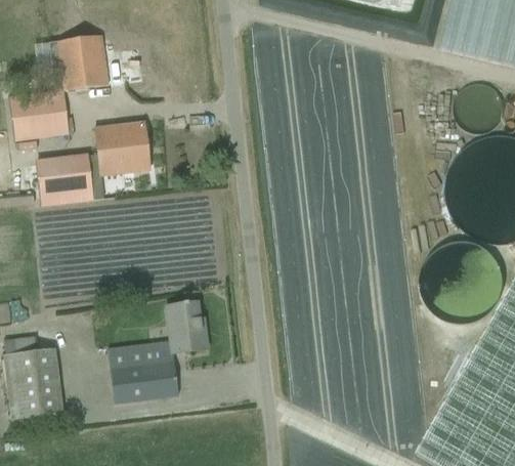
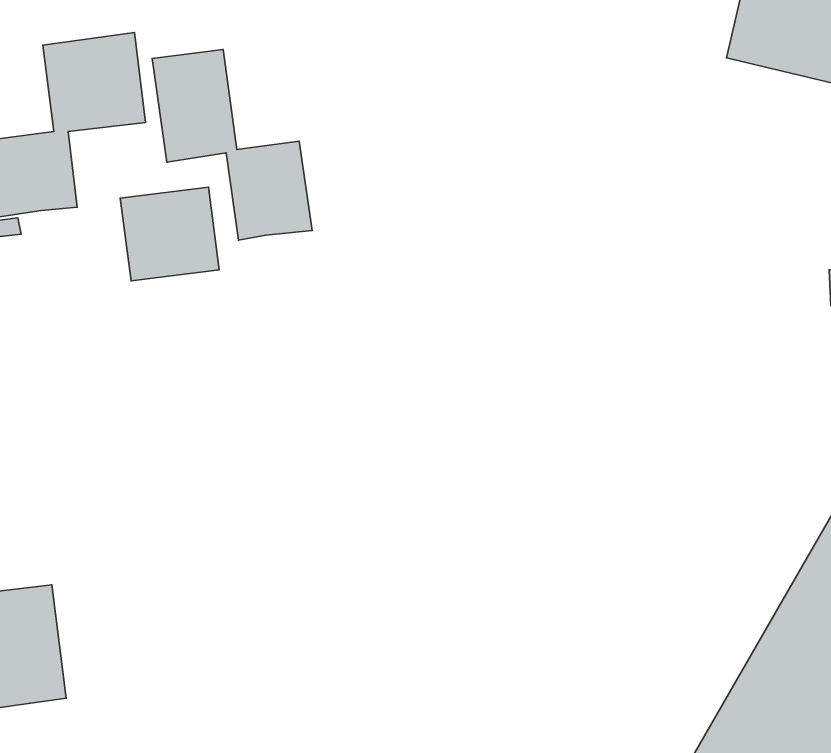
building: none -> [152,50,312,240]
building: [37,154,95,207] -> none
building: [111,301,208,404] -> none

